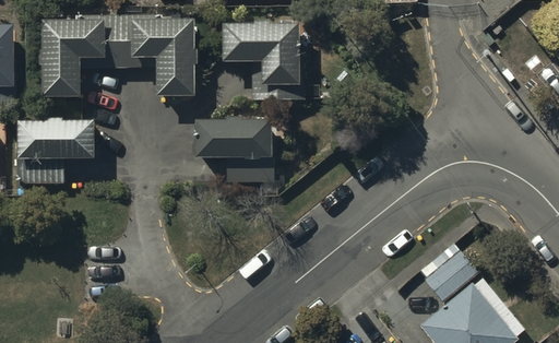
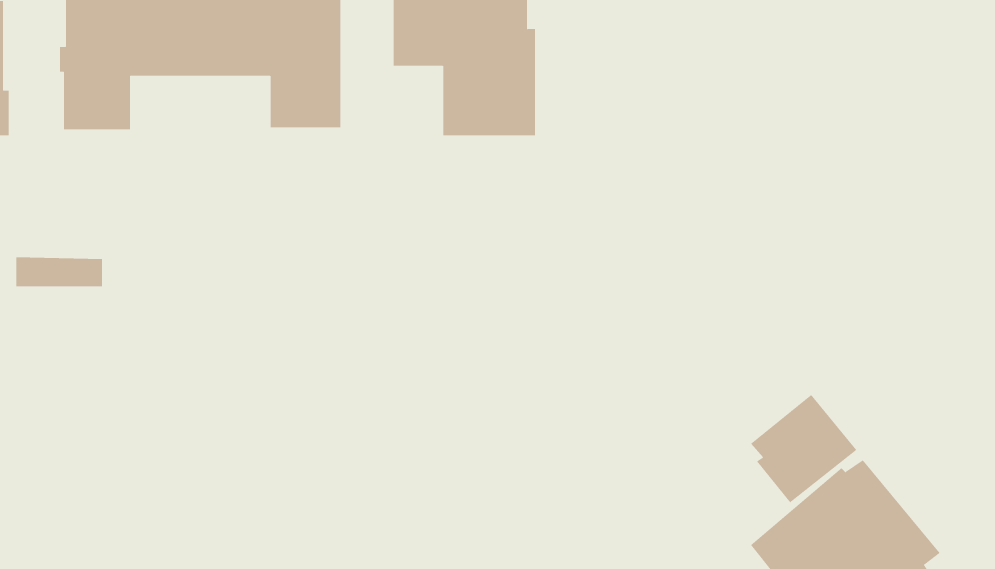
building: [195,119,272,180] -> none
building: [19,120,95,157] -> none

